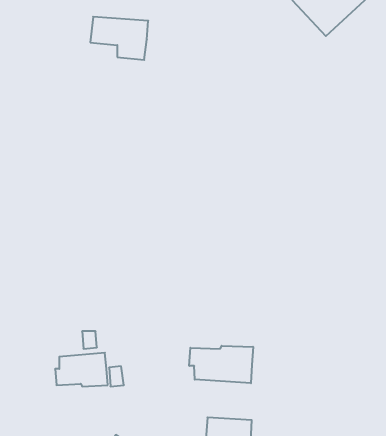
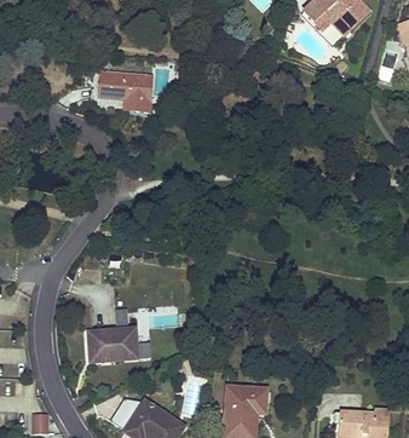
building: [90,17,148,60] -> [99,71,151,110]
building: [189,346,253,383] -> none

